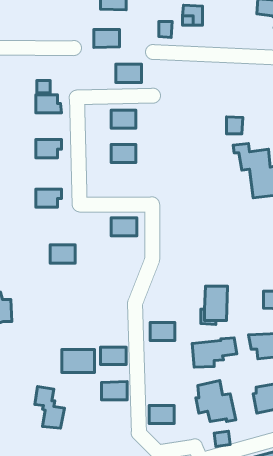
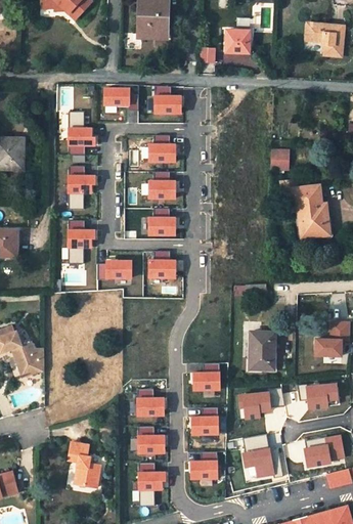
building: [94,30,119,48] -> [103,87,131,106]
building: none -> [149,216,176,235]
building: [50,245,75,263] -> [105,259,132,278]
building: [62,350,95,373] -> none
building: none -> [190,417,217,435]
building: none -> [140,472,168,491]

